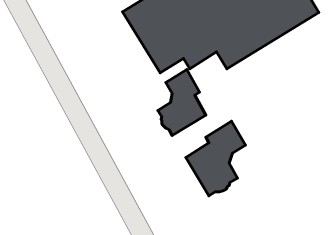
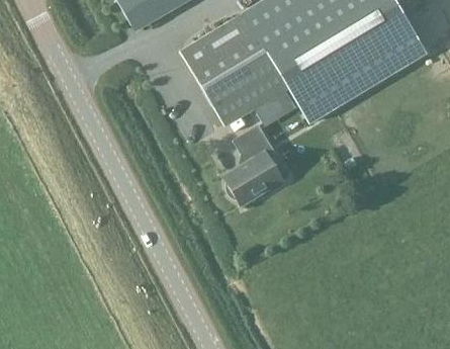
building: [186,121,246,196] -> none

